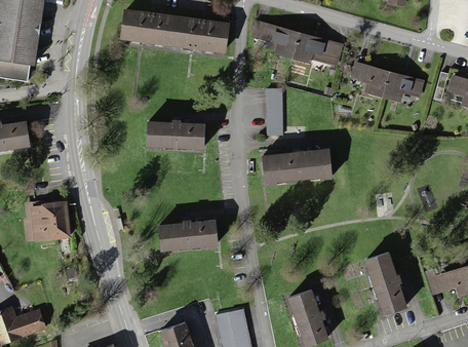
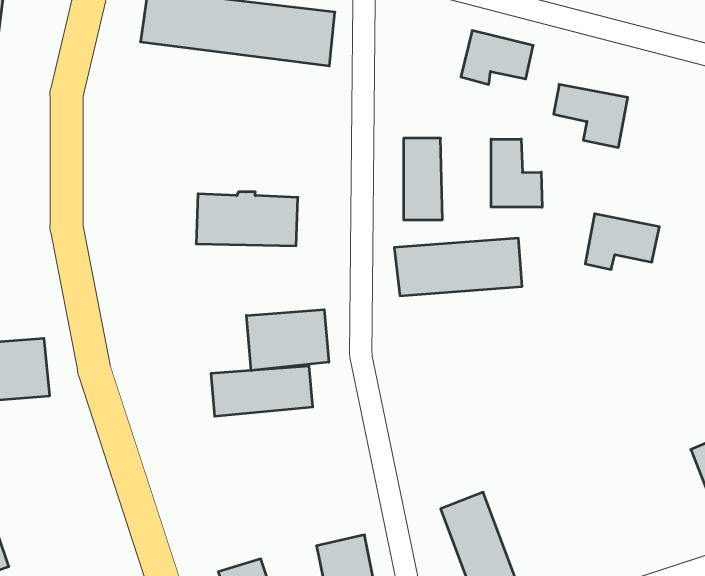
building: [260,23,303,57] -> none
building: [384,69,425,100] -> [585,214,659,269]
building: none -> [491,139,542,207]
building: none -> [246,310,329,371]
building: [364,250,405,311] -> none

